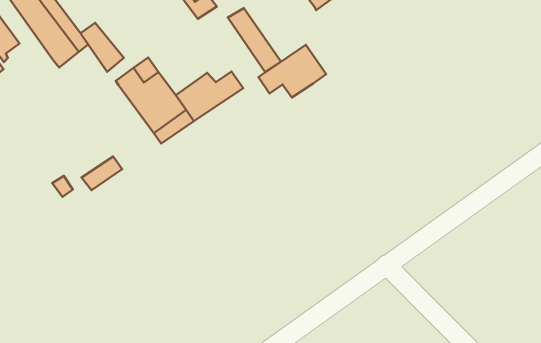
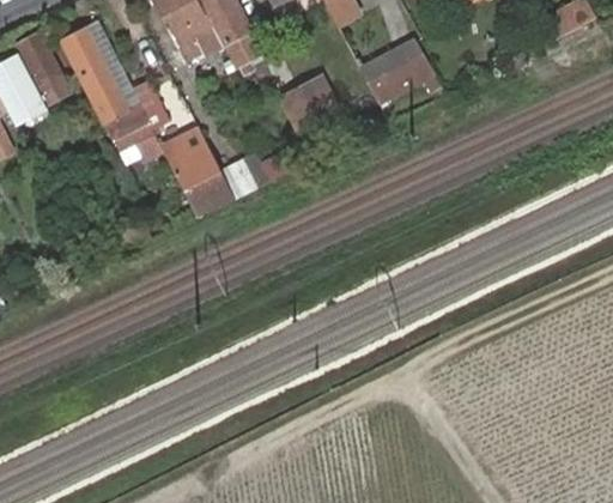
building: none -> [104,101,163,158]
building: [258,45,326,97] -> none

